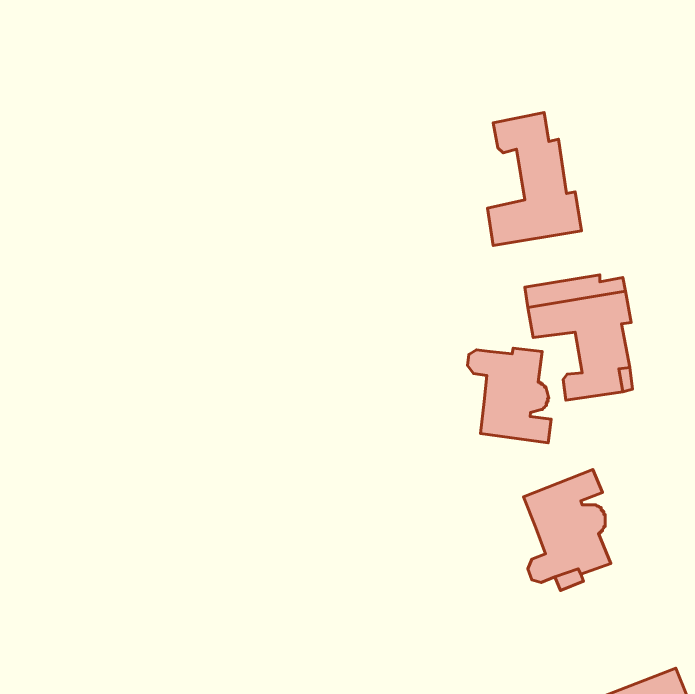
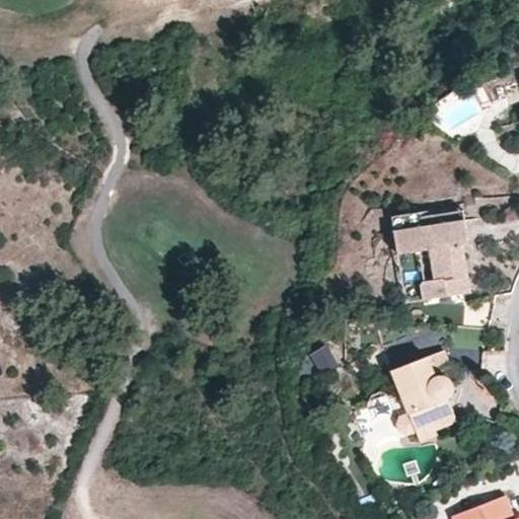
building: [487,113,581,245] -> none
building: [468,348,551,443] -> none

